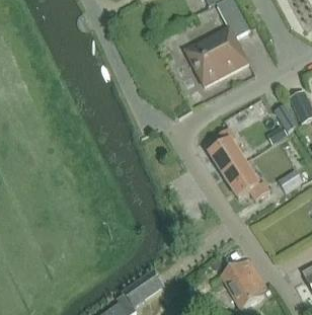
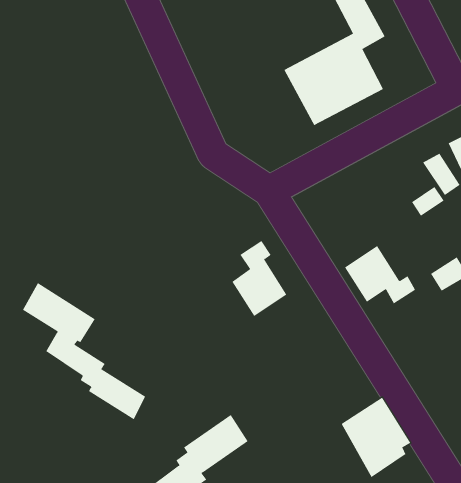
building: [209,128,244,176] -> [232,240,287,317]
building: none -> [22,282,146,420]

